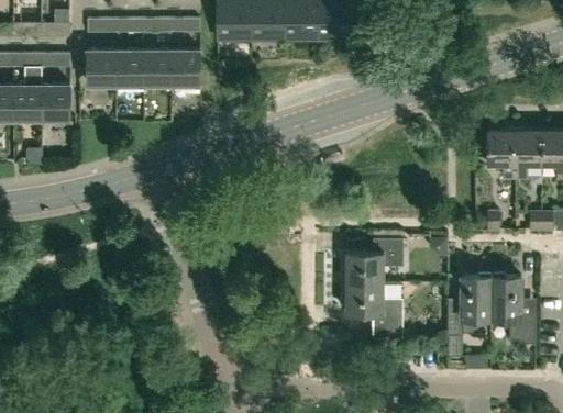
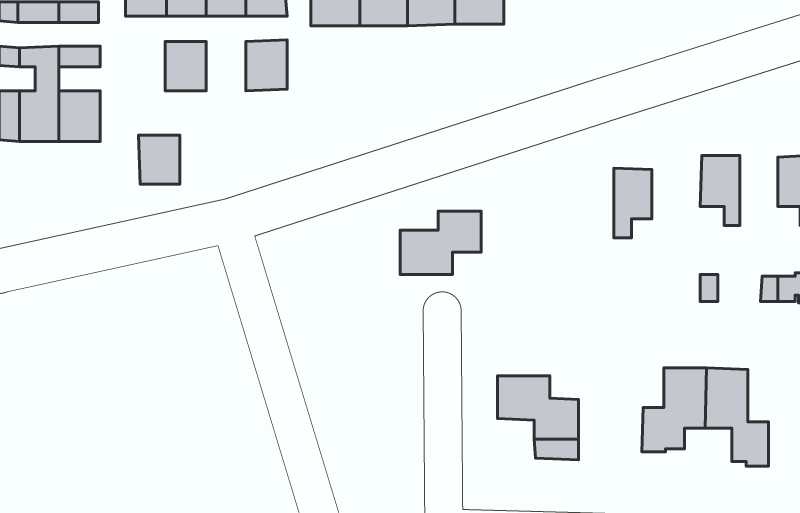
building: [87,51,115,85] -> [139,135,180,184]
building: [144,51,172,85] -> none
building: [515,130,541,178] -> [614,168,652,238]
building: [346,238,402,282] -> [400,211,481,274]

